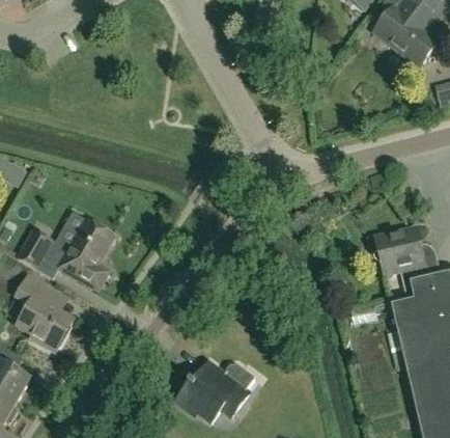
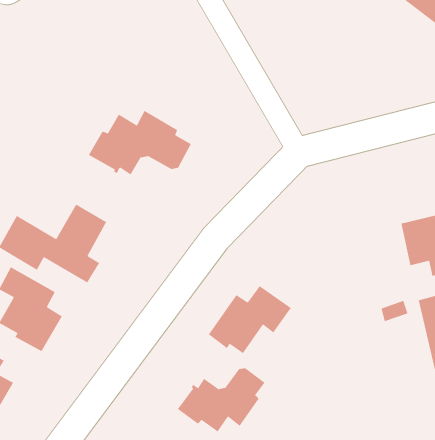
building: none -> [88,110,192,176]
building: none -> [208,285,292,354]

